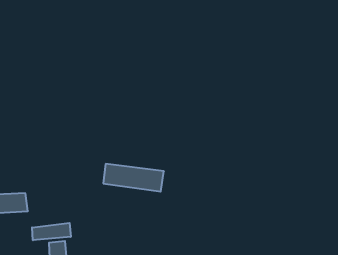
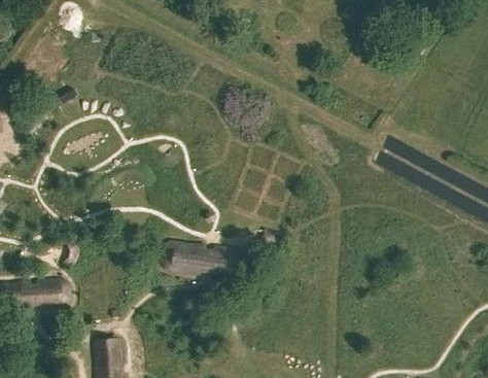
building: [32,223,71,240] -> none

